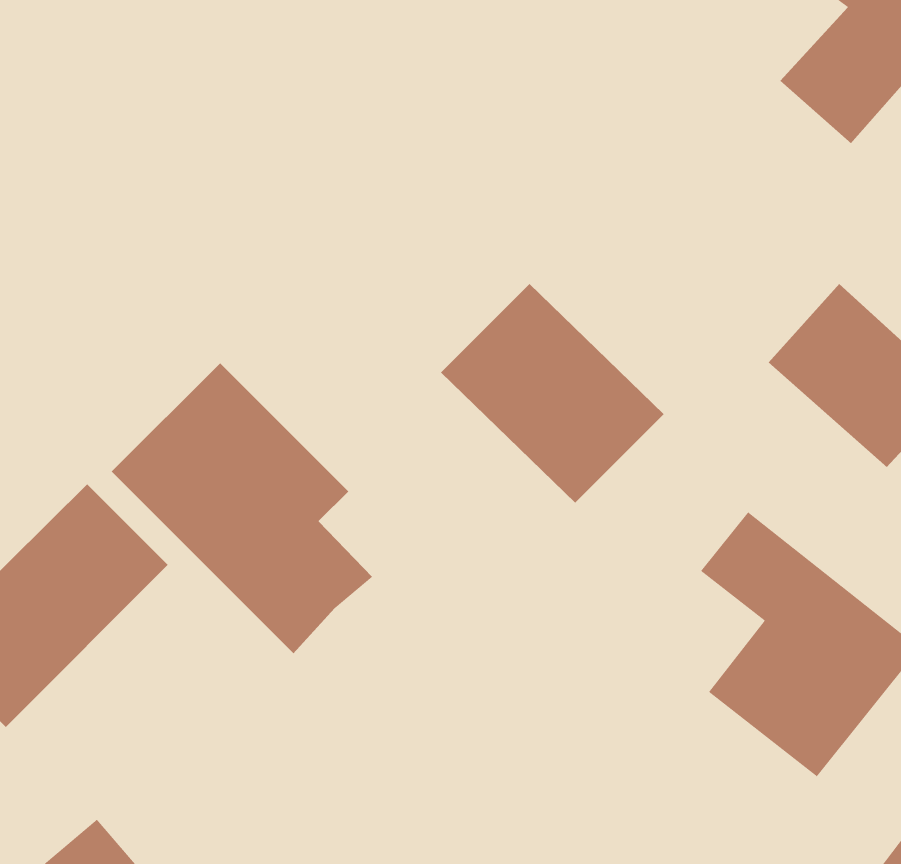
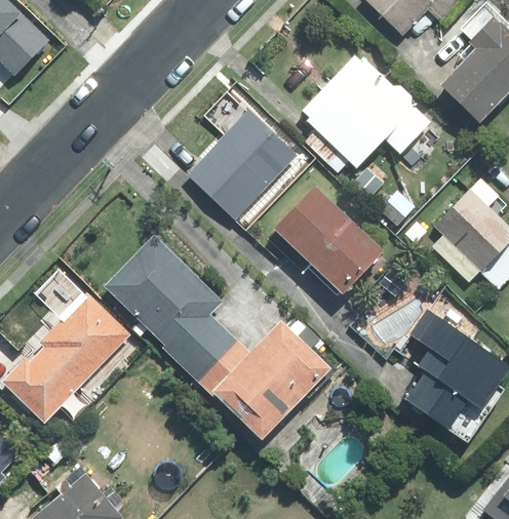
building: none -> [303,54,426,160]
building: none -> [184,106,301,224]
building: none -> [189,323,325,442]

